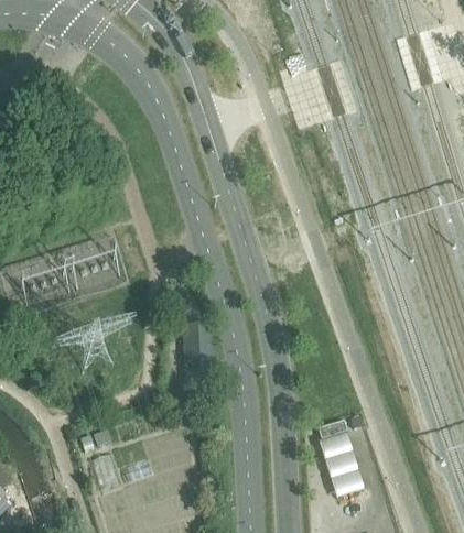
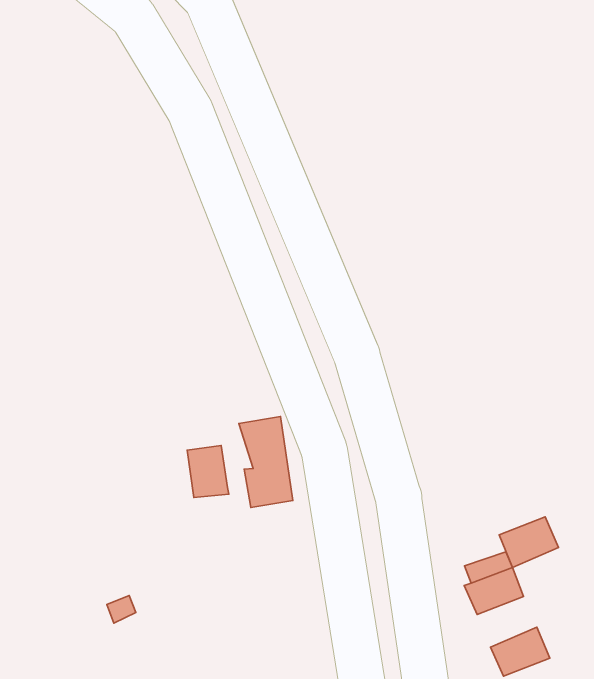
building: none -> [187,445,229,498]
building: [322,449,358,479] -> [499,517,558,567]

